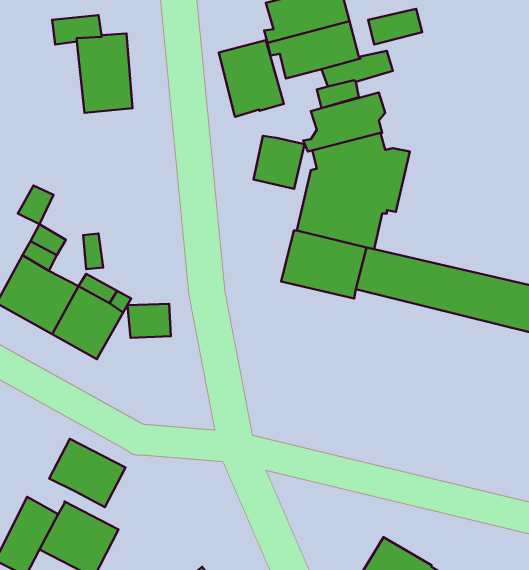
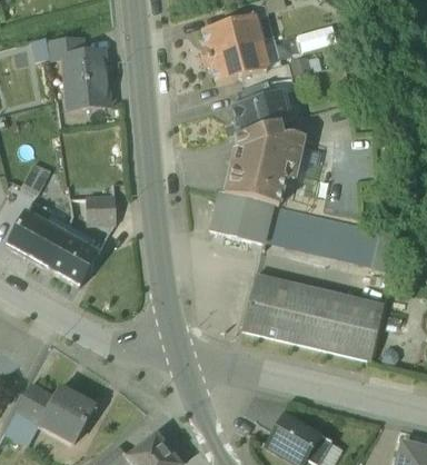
building: [219,40,284,117] -> none
building: [253,136,305,189] -> none
building: [127,304,171,338] -> [86,198,117,222]
building: none -> [245,275,383,359]
building: [49,439,125,507] -> none

